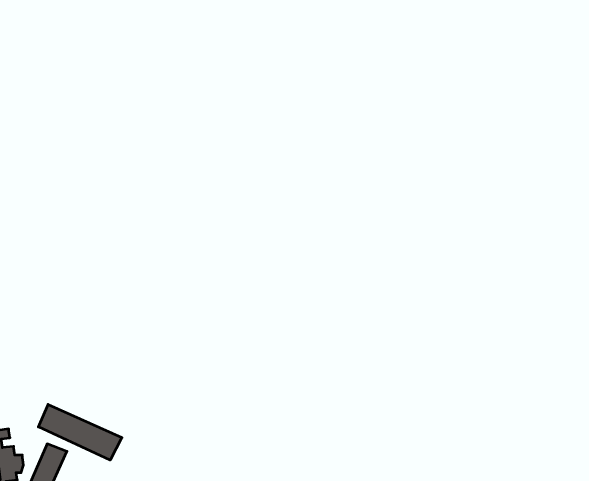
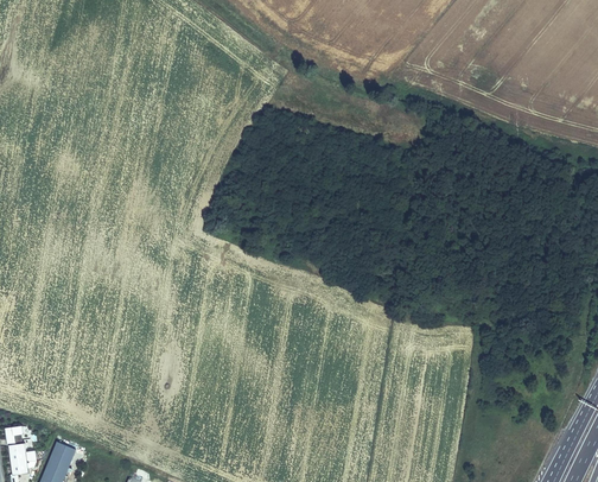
building: [38,404,122,460] -> none

